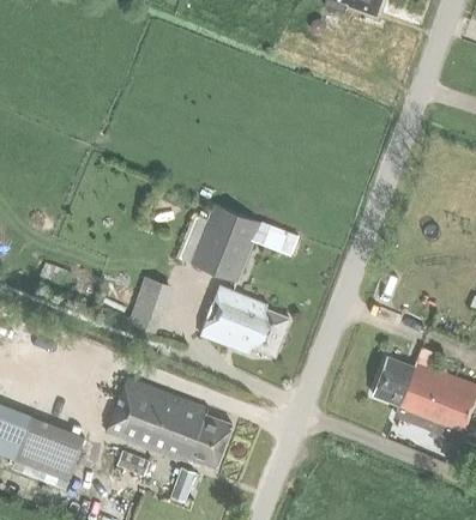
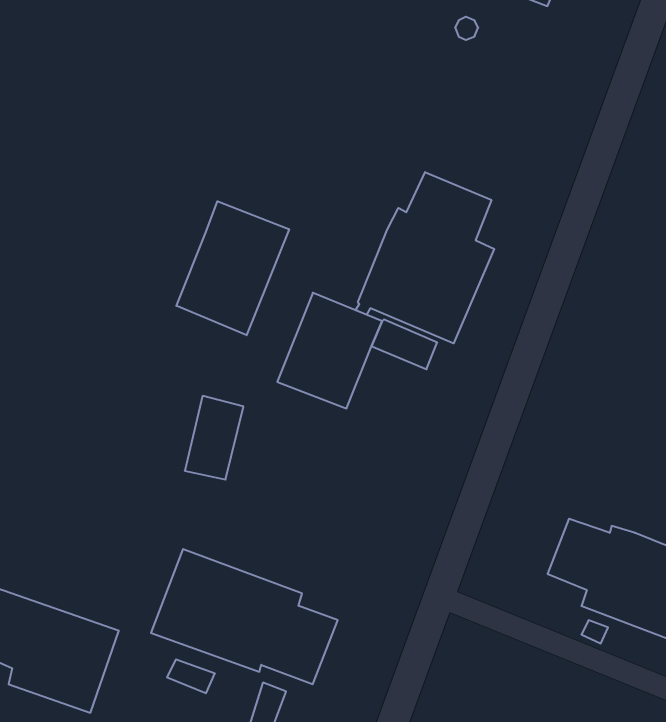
building: none -> [356,172,494,343]
building: none -> [176,201,289,335]
building: [200,285,288,356] -> none

